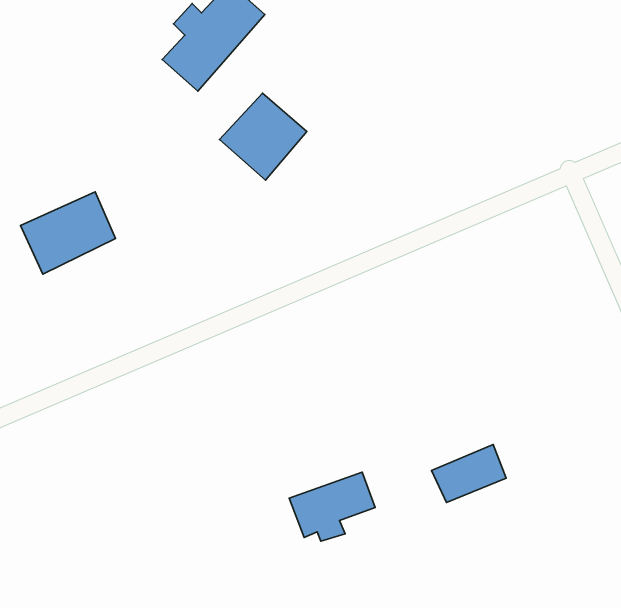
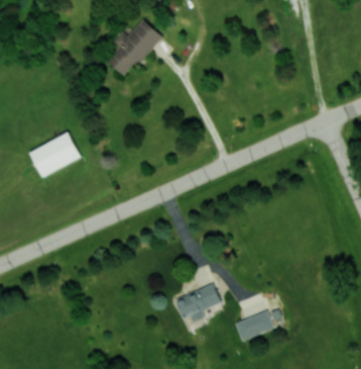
building: [219,93,307,180] -> none
building: [432,445,506,502] -> [234,309,274,341]

